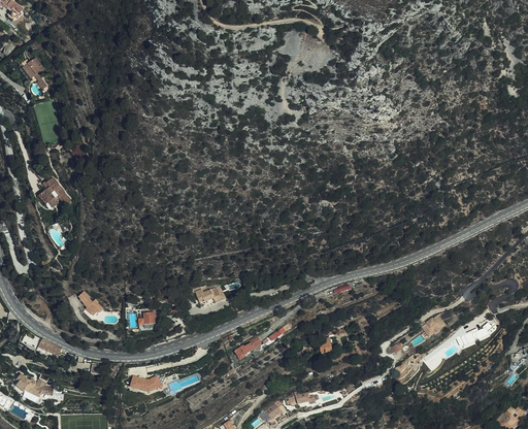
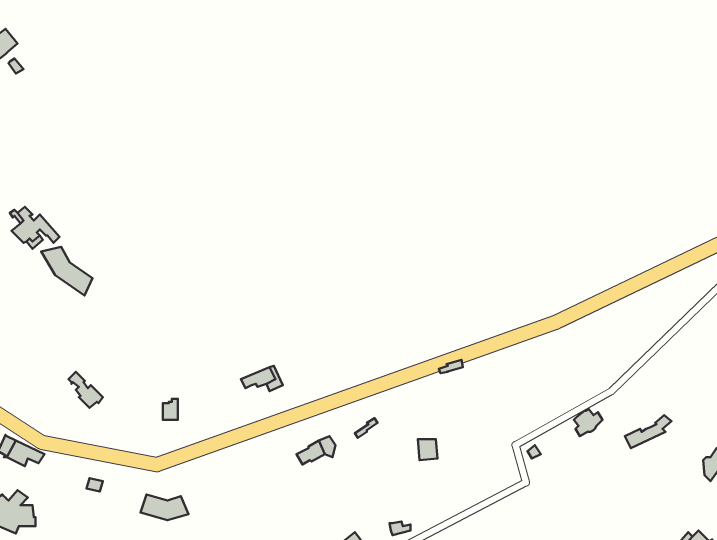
building: none -> [41,247,93,296]

